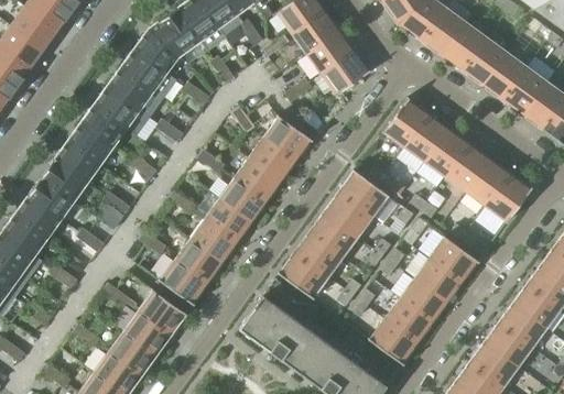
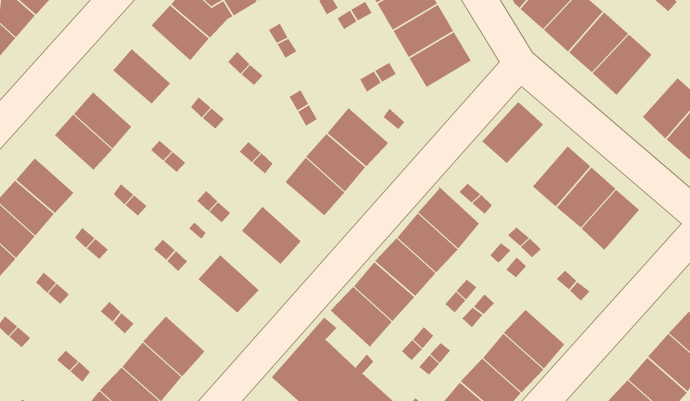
building: [484,53,529,101] -> none
building: [107,68,153,111] -> none
building: [80,106,127,147] -> none
building: [404,114,449,163] -> none
building: [41,160,87,203] -> none
building: [486,173,532,223] -> none
building: [219,178,268,222] -> none
building: [191,219,238,263] -> none
building: [430,236,479,282] -> none
building: [159,260,208,305] -> none

